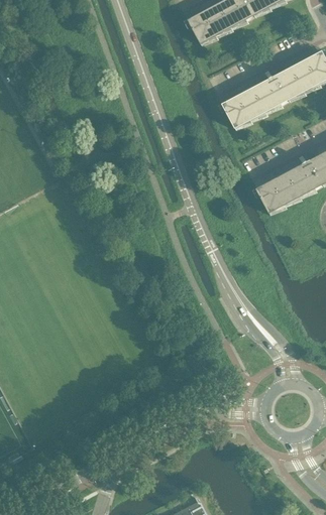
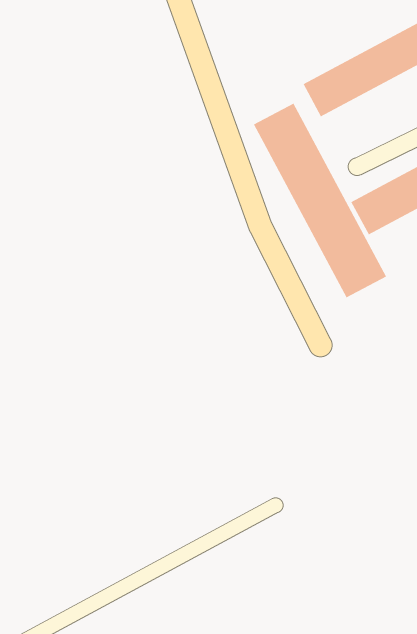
building: none -> [253,103,387,299]

